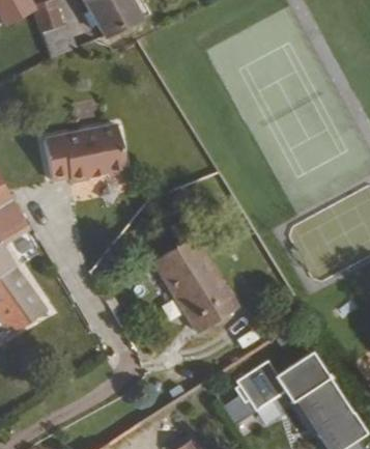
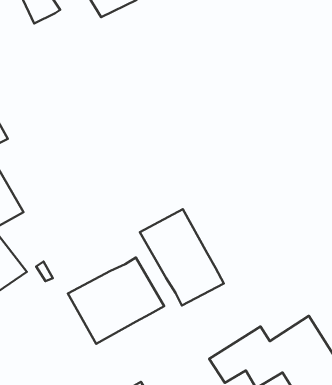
building: [42,123,126,183] -> none
building: none -> [68,257,164,344]

